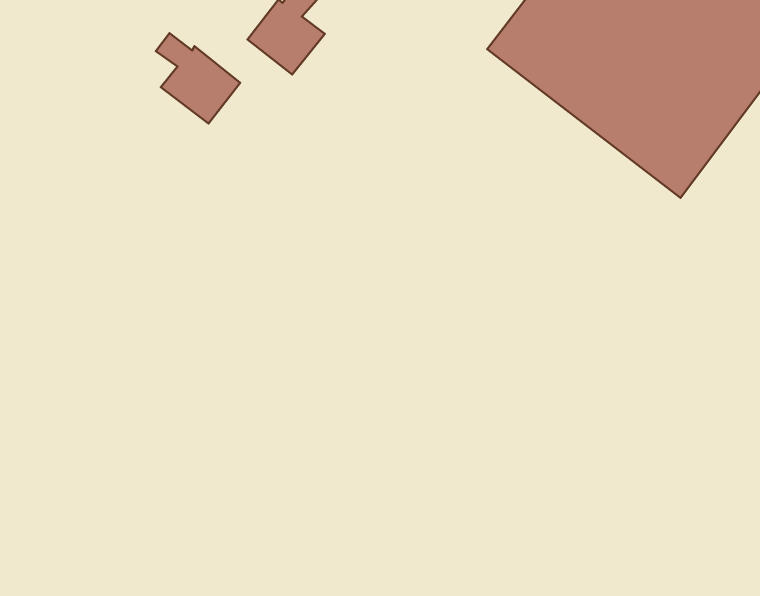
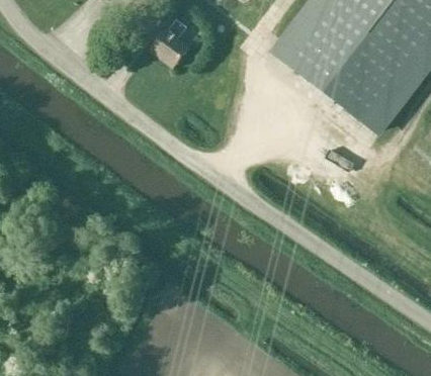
building: [156,33,240,123] -> none

